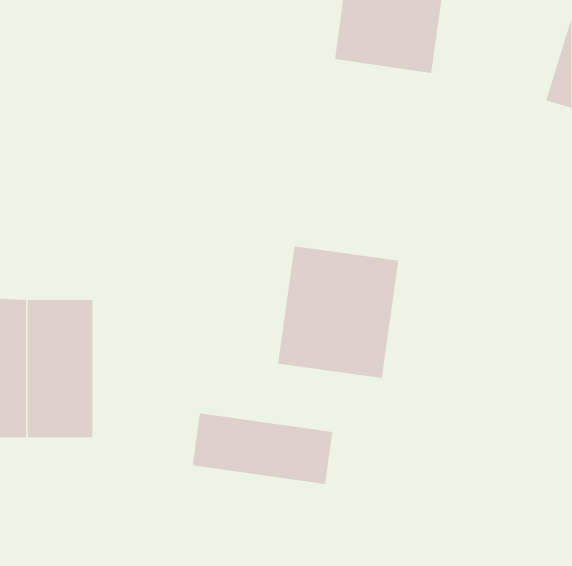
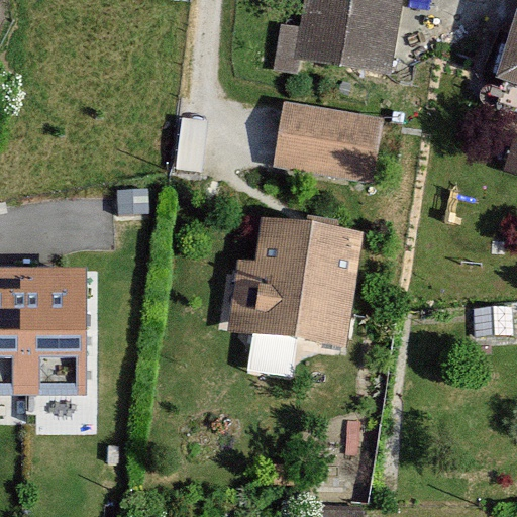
building: none -> [277,105,378,176]
building: [192,413,333,485] -> none

